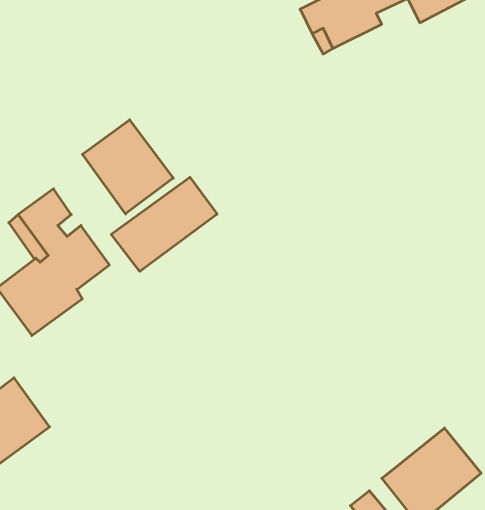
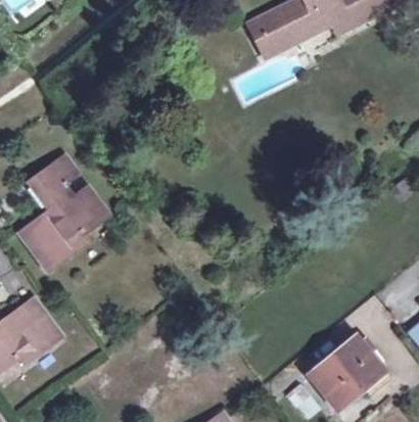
building: [82,120,173,214] -> none
building: [111,177,217,271] -> none

